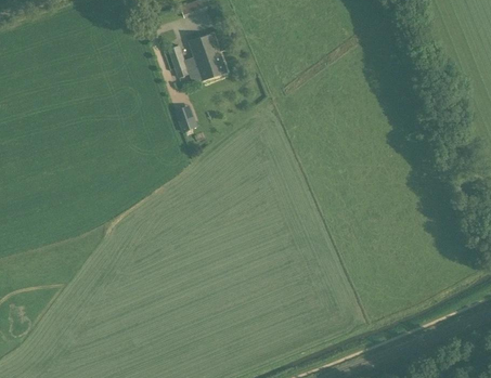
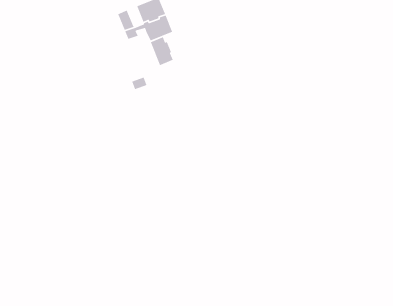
building: none -> [150,37,174,66]

